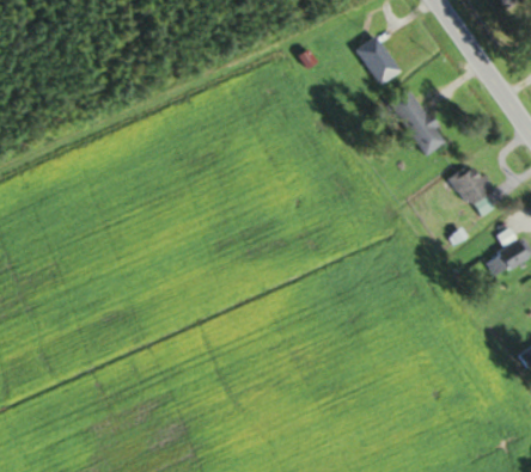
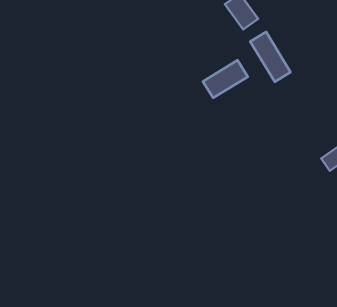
building: none -> [203,60,248,98]
building: [451,163,494,207] -> none

